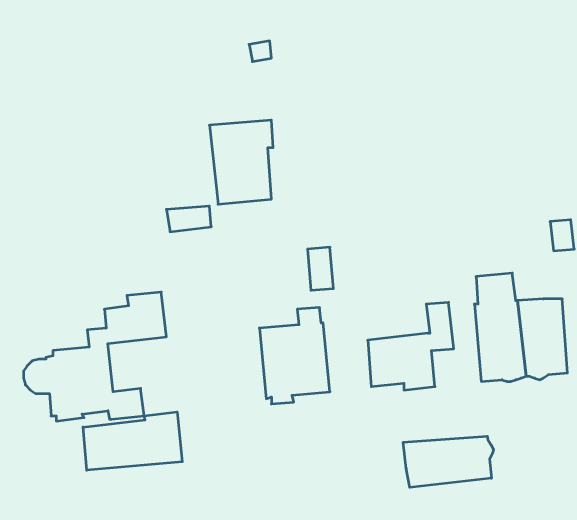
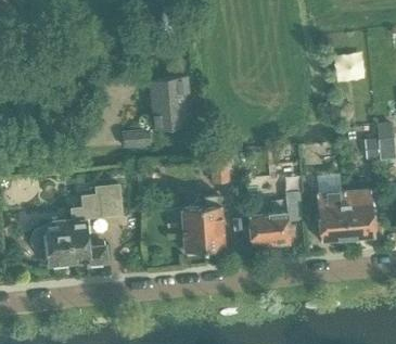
building: [83,412,182,470] -> none
building: [403,436,494,487] -> none

